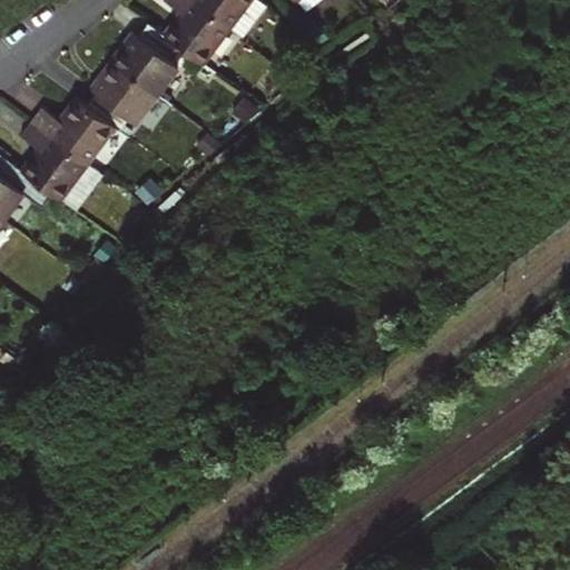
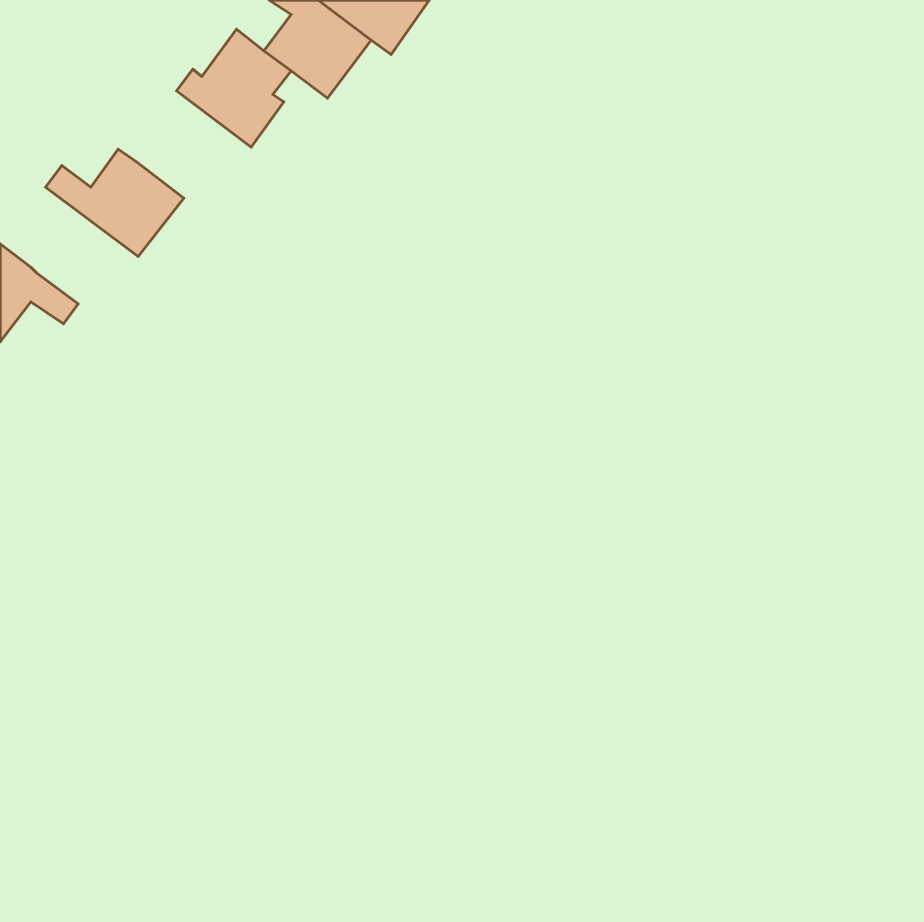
building: [87,60,157,129] -> none
building: [21,119,88,198] -> none

